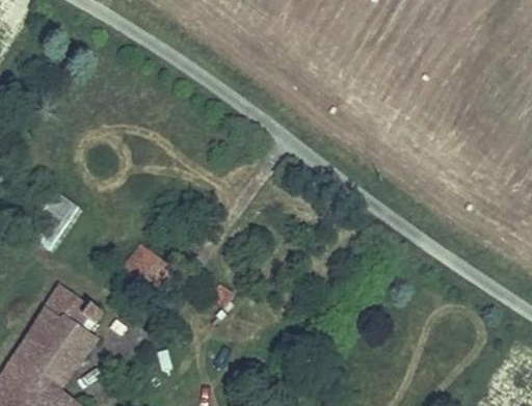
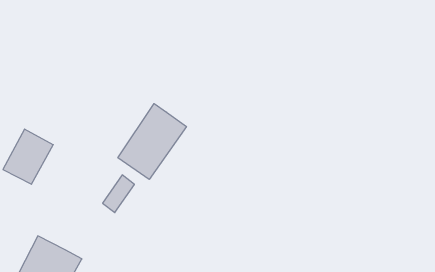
building: none -> [118,104,186,179]
building: [48,289,105,327] -> none

